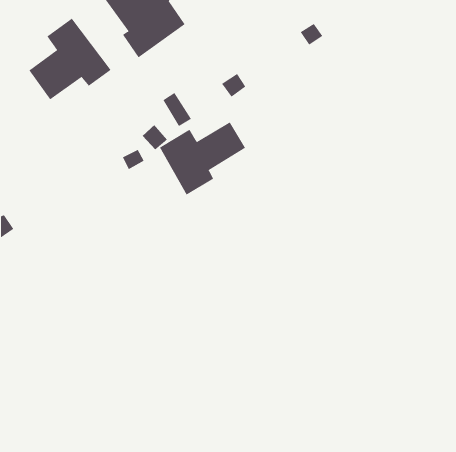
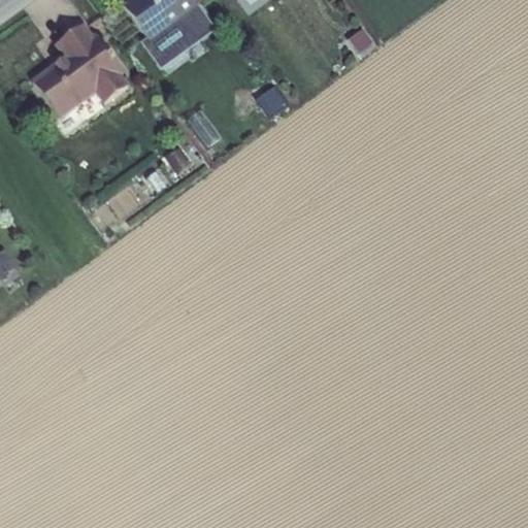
building: [159,122,246,196] -> none

